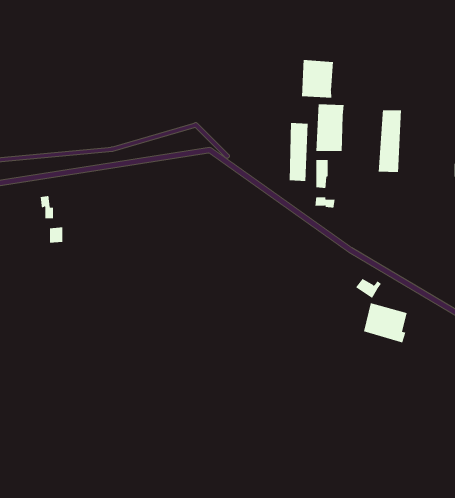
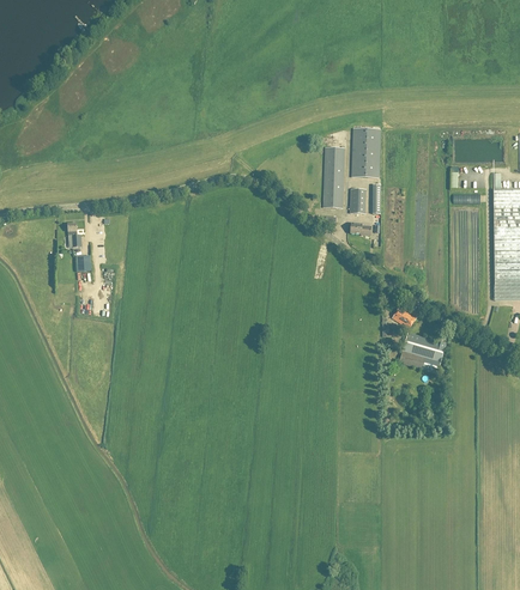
building: [301,59,333,98] -> none
building: [378,109,401,173] -> none

